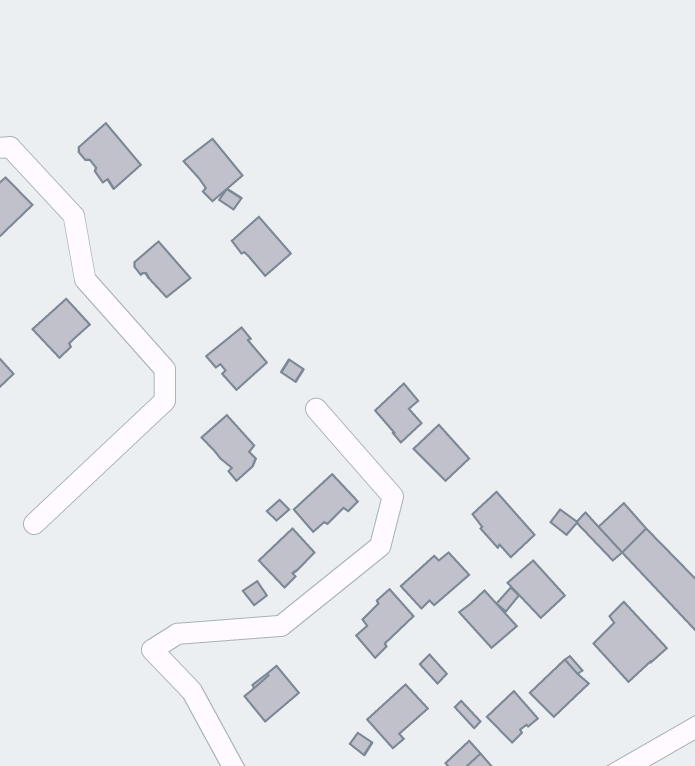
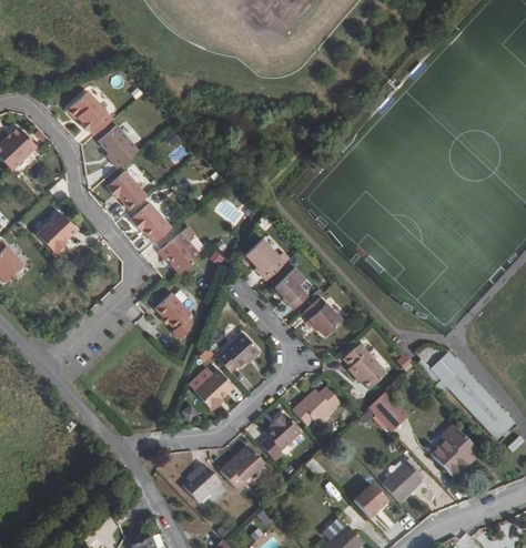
building: [184,139,243,201] -> [97,123,138,166]
building: [232,217,291,276] -> [130,201,171,242]
building: none -> [245,240,284,281]
building: [459,590,517,648] -> none
building: [367,684,428,748] -> [222,447,264,491]

